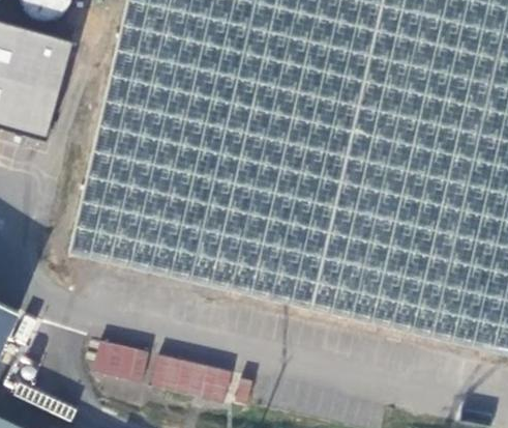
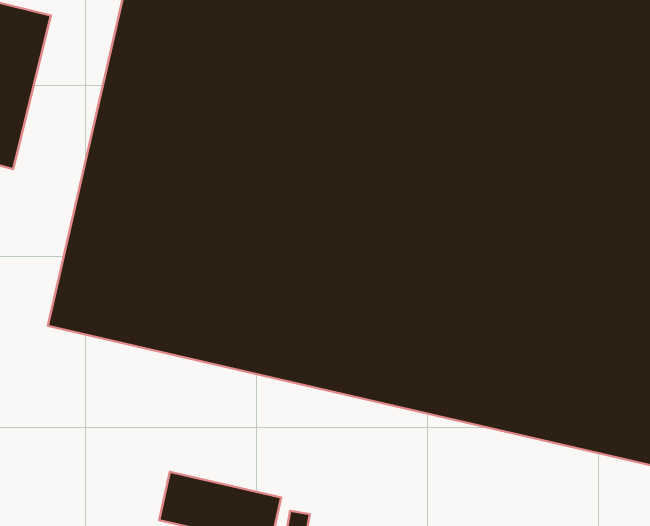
building: [92,339,149,382] -> none

